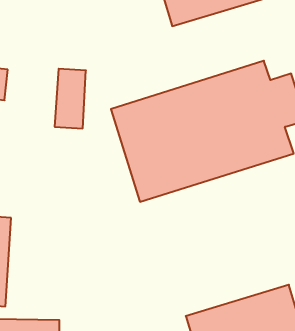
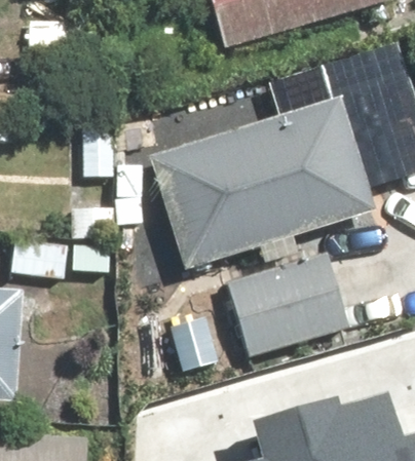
building: none -> [227,252,354,358]

